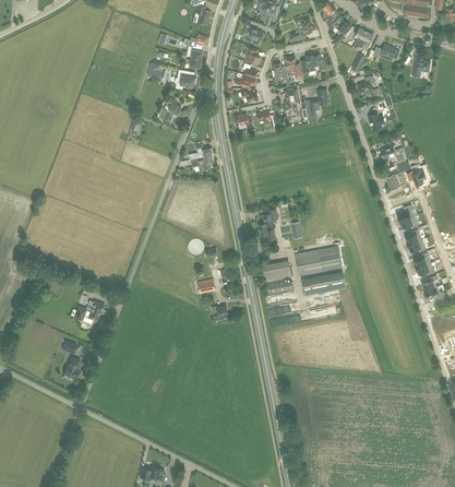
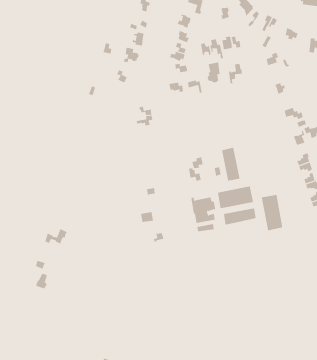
building: none -> [222,147,240,182]
building: none -> [261,194,283,231]

